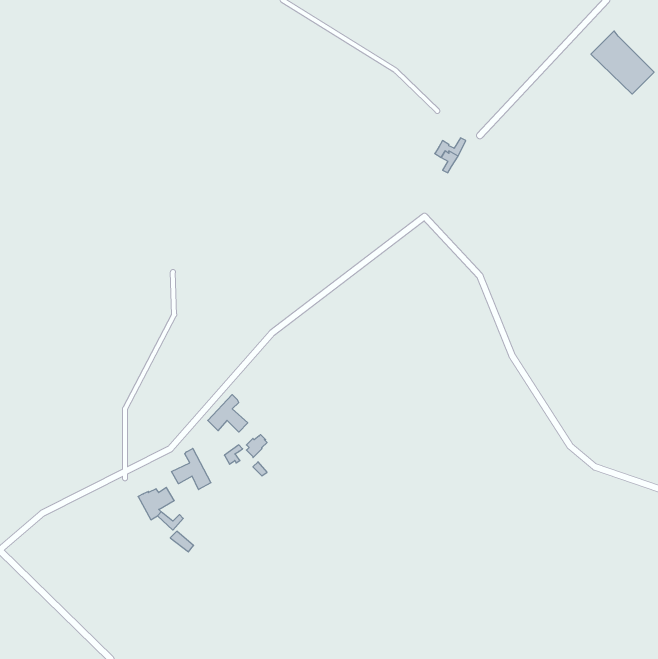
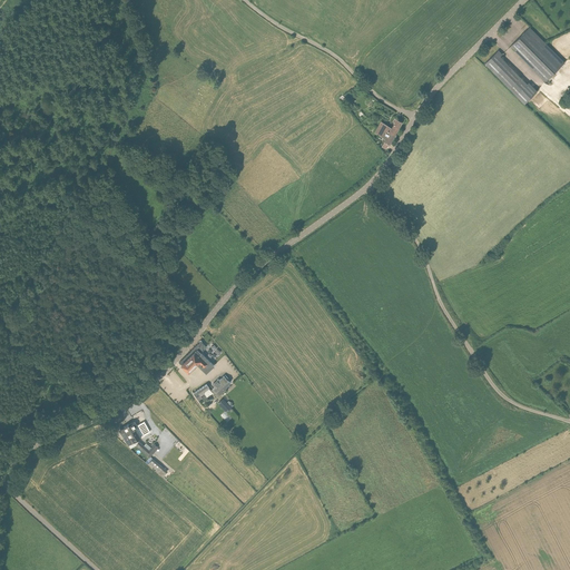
building: none -> [485,50,539,104]
building: [172,448,211,490] -> none

